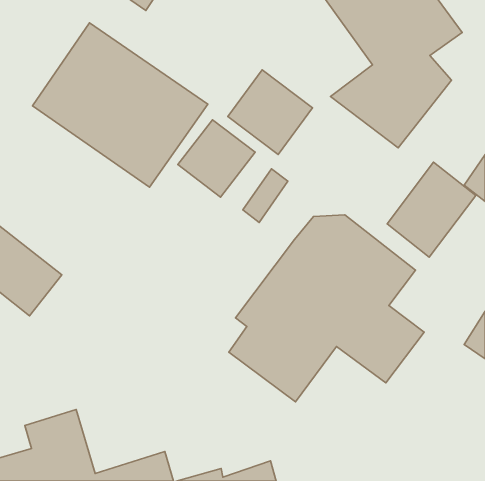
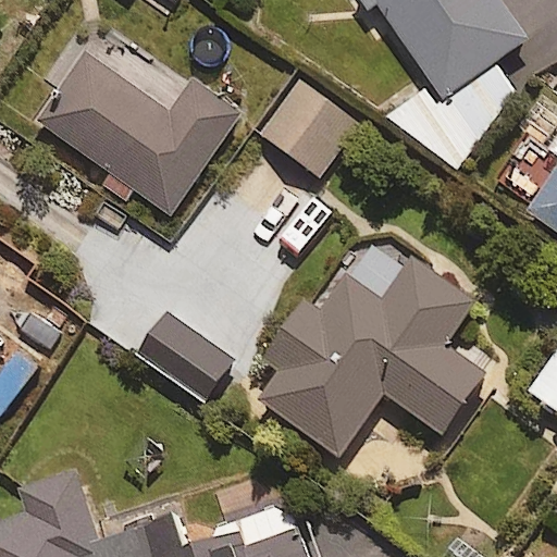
building: [178,120,255,197] -> none
building: [387,162,476,257] -> none
building: none -> [138,312,232,398]

